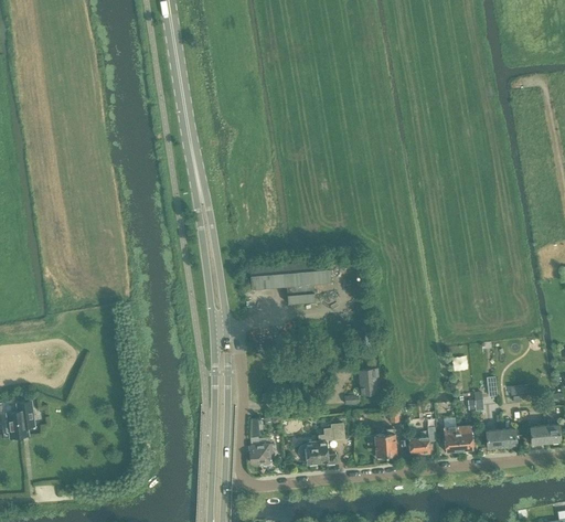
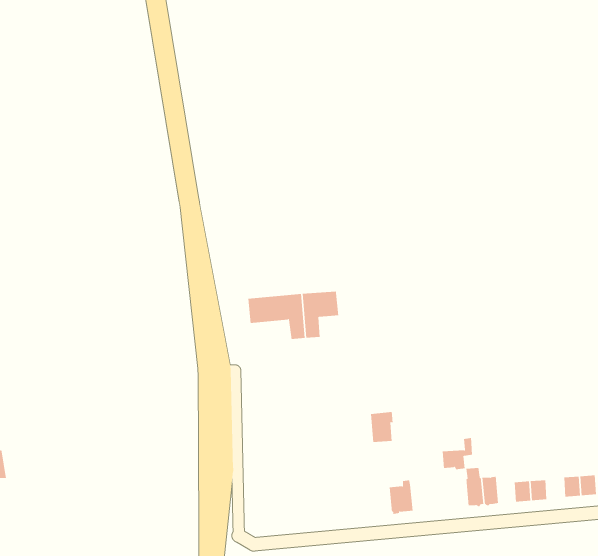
building: [298,423,344,465] -> none
building: [408,426,436,455] -> [442,438,473,470]
building: [248,437,273,465] -> none

